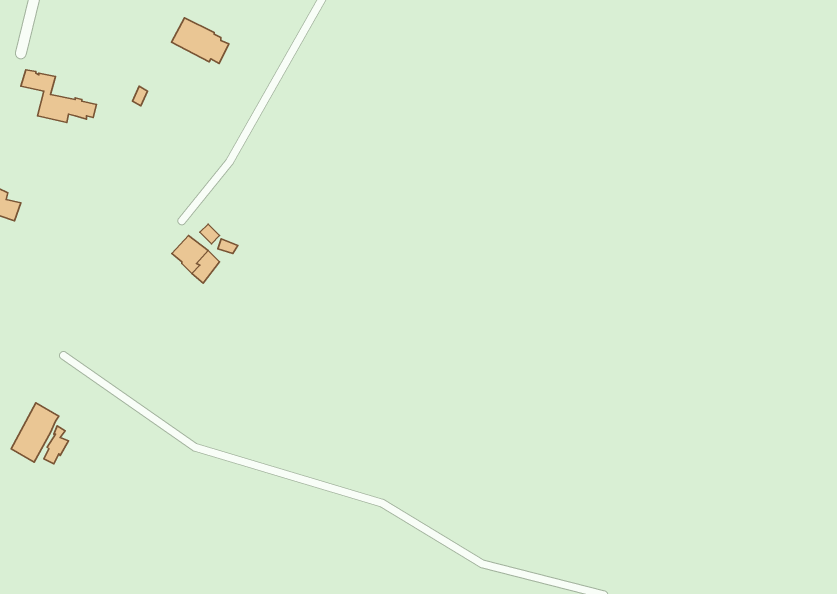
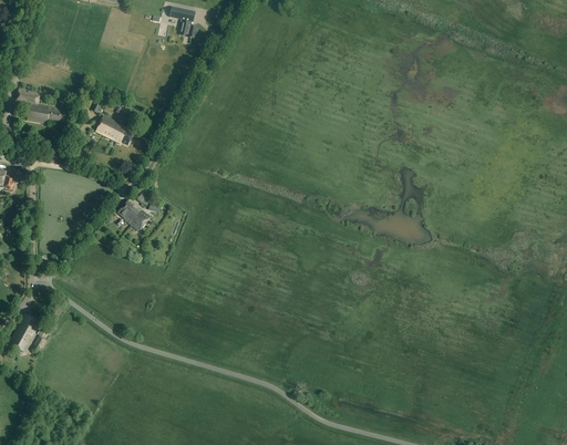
building: [172,18,229,64] -> [95,115,134,146]

